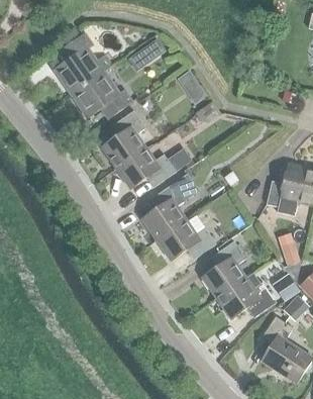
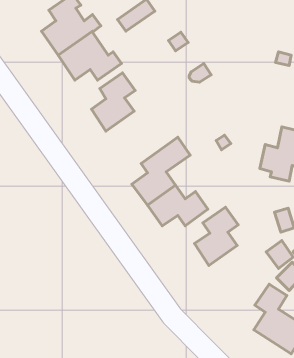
building: [117,148,176,188] -> none
building: [217,273,276,318] -> none

